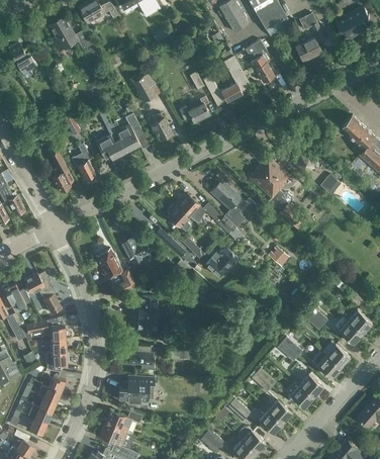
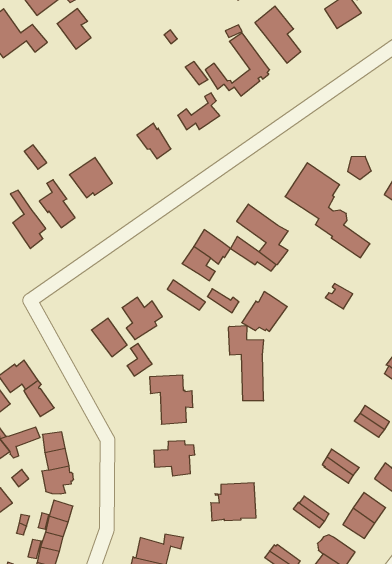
building: [132,74,156,103] -> [57,9,91,49]
building: [110,113,144,153] -> none
building: none -> [228,326,263,401]
building: [117,376,152,403] -> [211,483,256,521]

